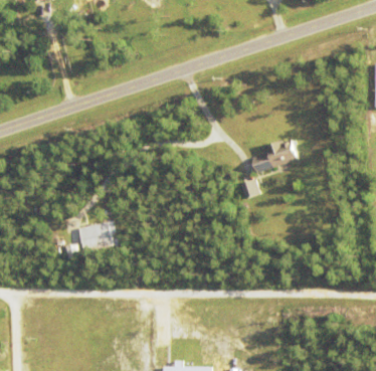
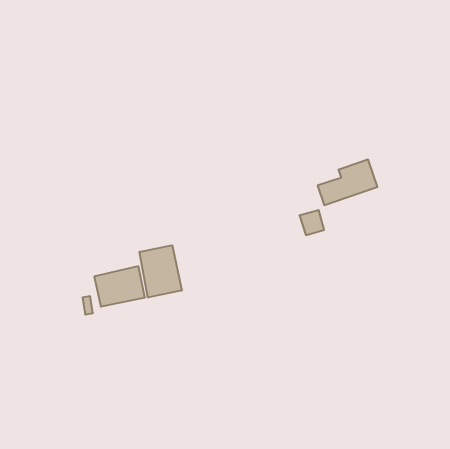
building: none -> [140,245,182,298]

